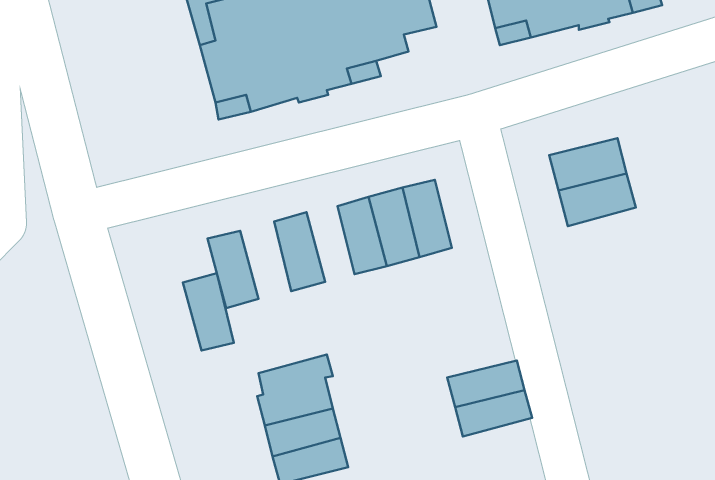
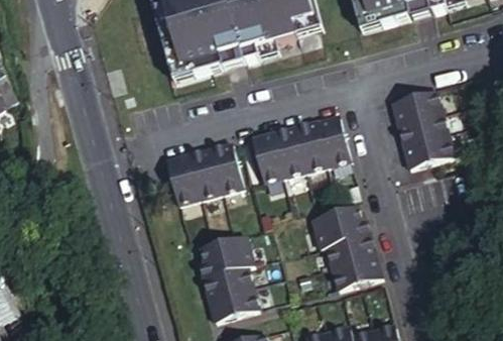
building: none -> [317,113,349,163]
building: none -> [403,137,453,172]
building: [183,273,234,351] -> [190,146,223,197]
building: none -> [311,205,370,250]

